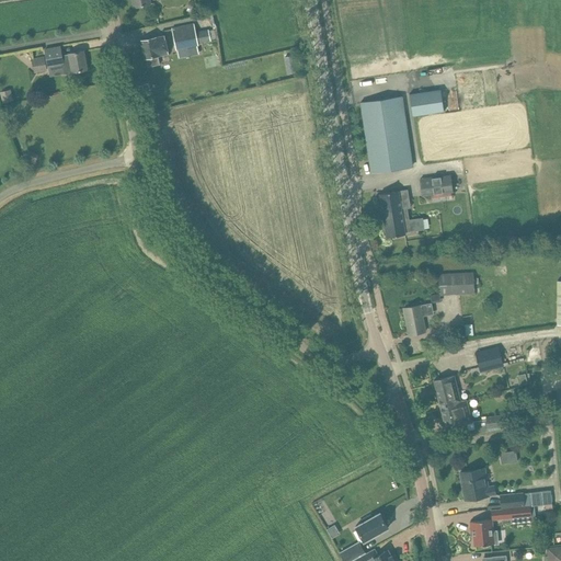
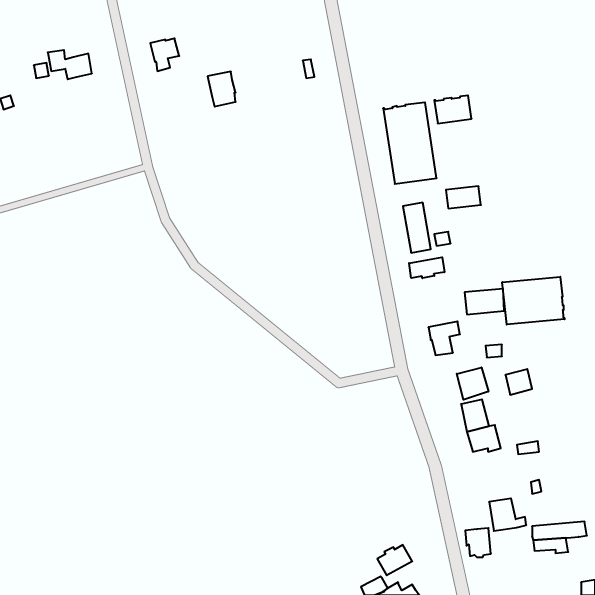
building: [172,24,198,57] -> [208,72,236,107]
building: none -> [409,257,444,278]
building: none -> [502,277,565,325]
building: none -> [457,367,488,400]
building: [470,519,494,547] -> [465,528,491,557]

